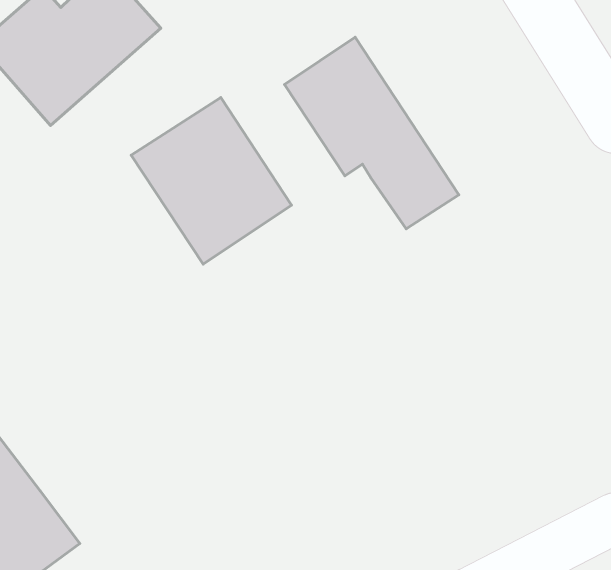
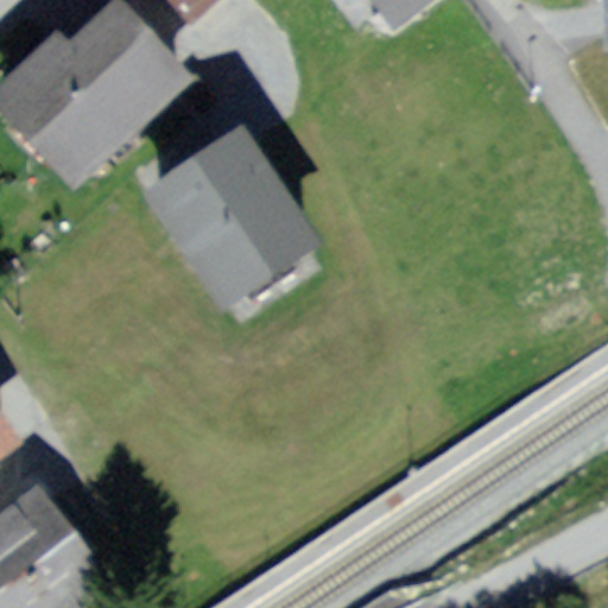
building: [285,37,459,229] -> none

